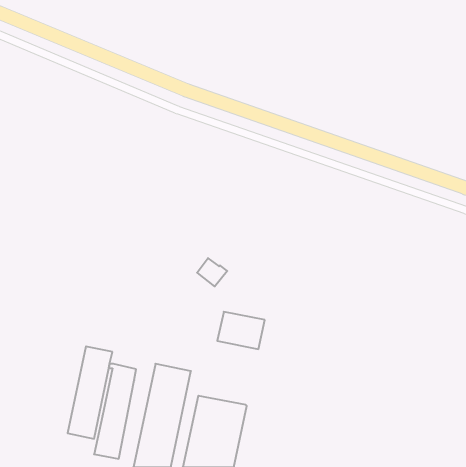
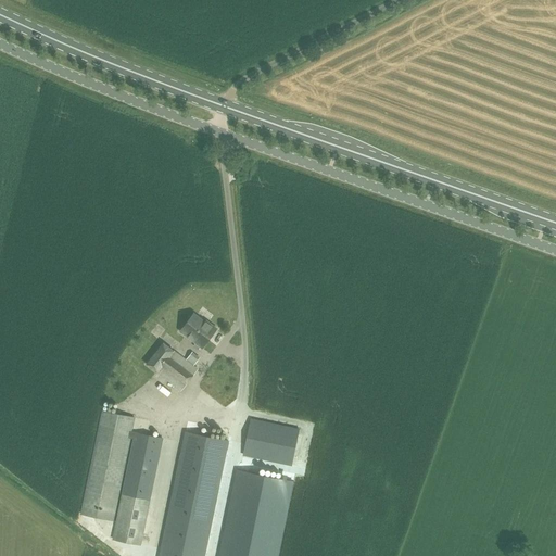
building: [197,258,227,286] -> [180,314,216,348]
building: none -> [146,343,197,391]
building: [217,312,265,349] -> [242,419,299,464]

